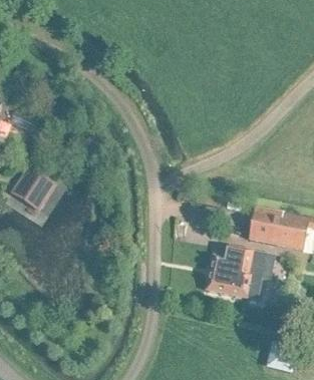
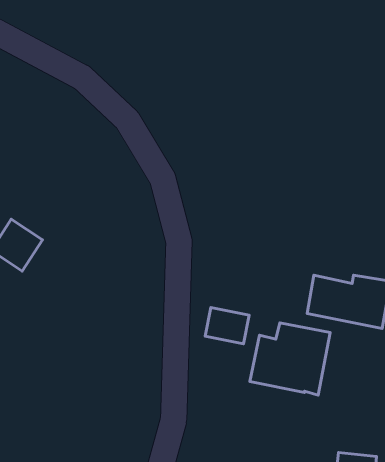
building: none -> [205,307,249,344]

